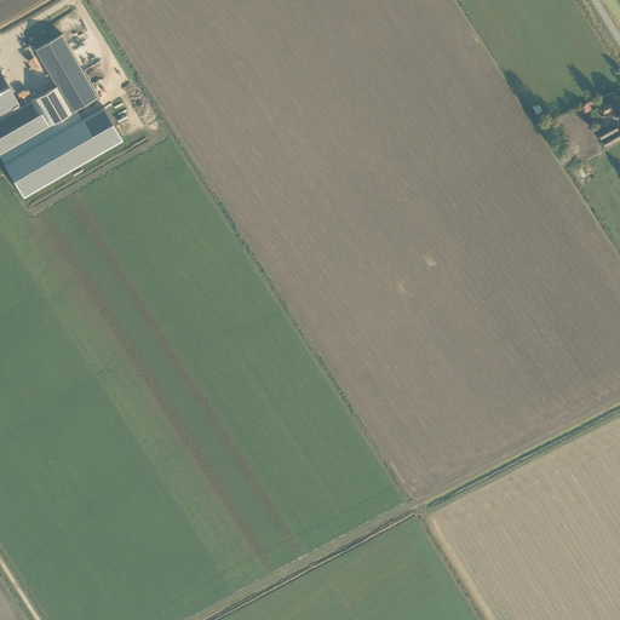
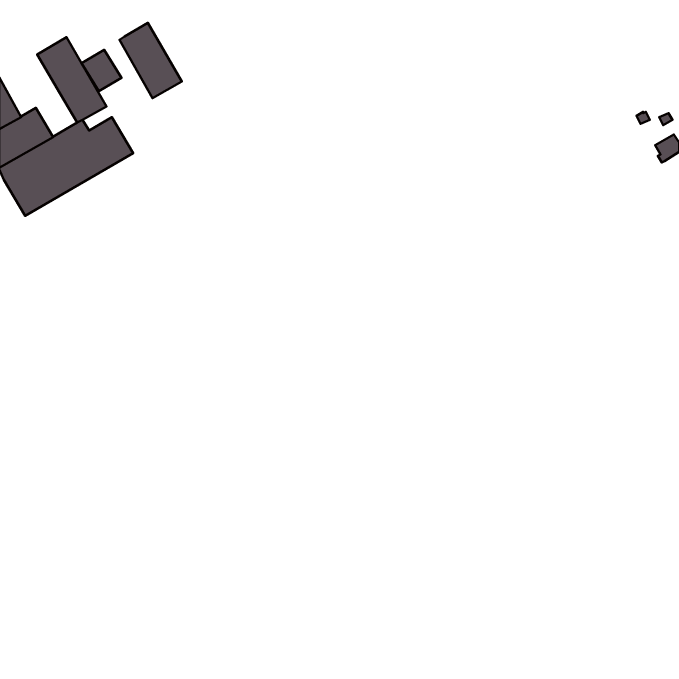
building: none -> [120,23,182,98]
building: [34,87,70,125] -> [82,50,121,91]

